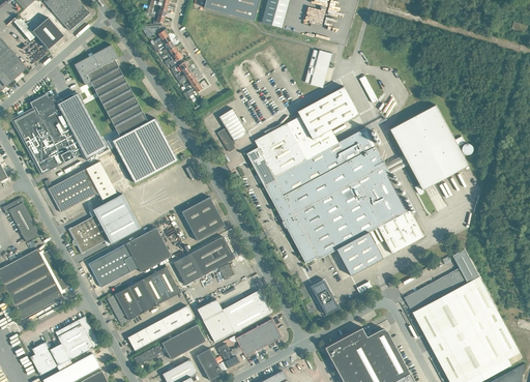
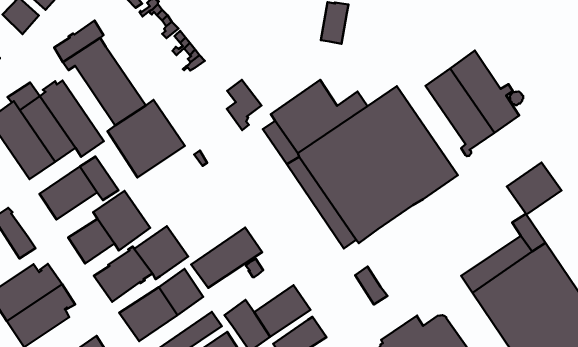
building: [296,87,357,140] -> none
building: [181,197,225,241] -> none
building: [377,210,423,254] -> [507,162,561,215]
building: [335,232,382,275] -> none

